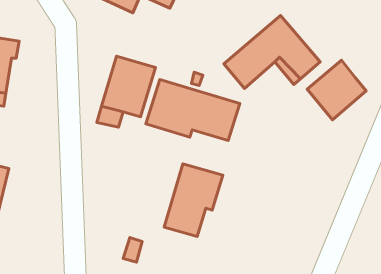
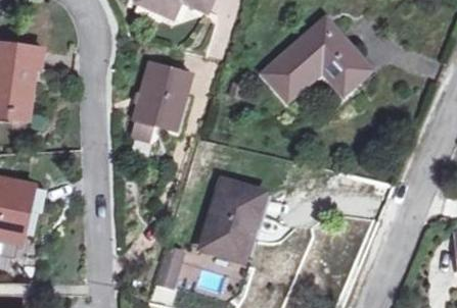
building: [307,60,366,120] -> none
building: [146,79,240,141] -> none

